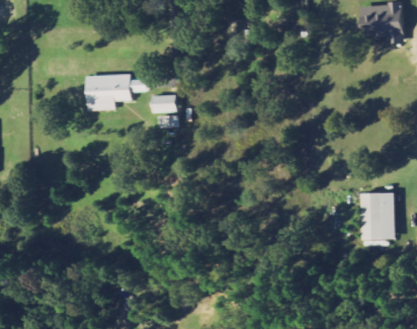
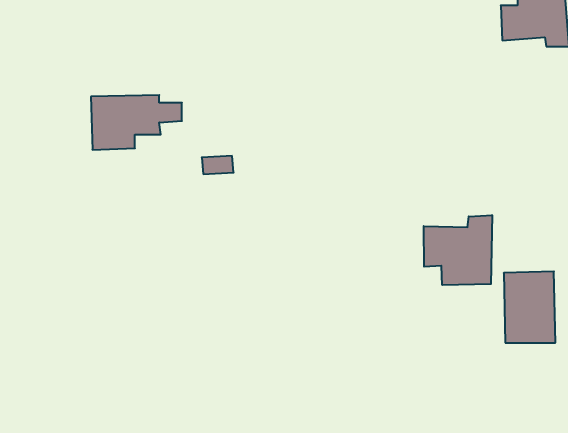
building: [152,95,177,112] -> none
building: none -> [424,215,492,285]

